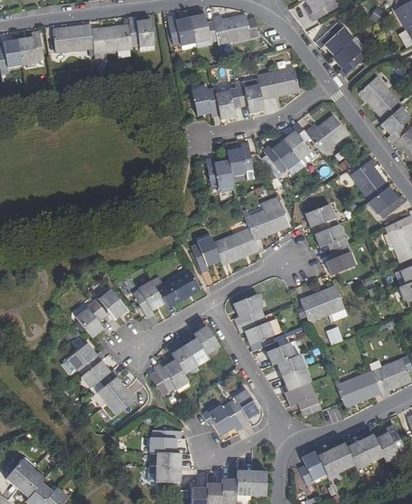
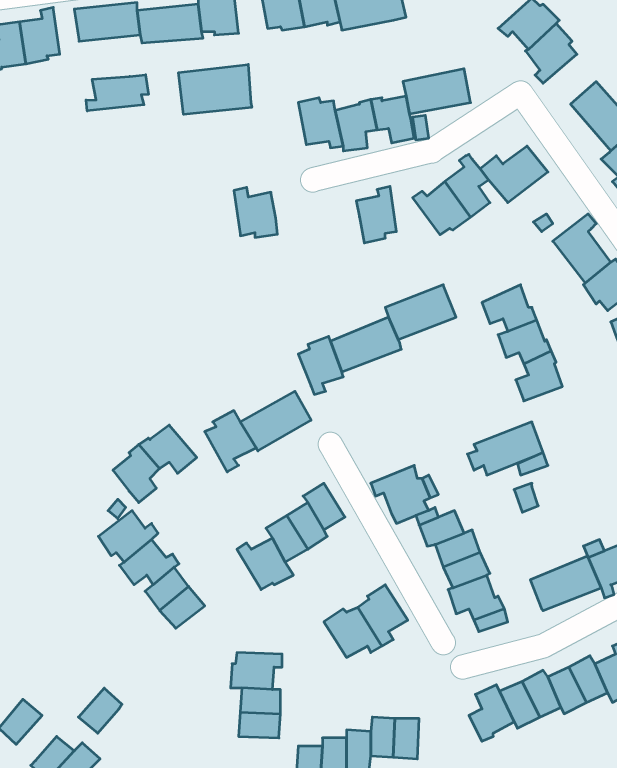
building: none -> [179,64,252,114]
building: none -> [86,75,148,111]
building: [206,157,233,188] -> [234,187,277,237]
building: [232,293,263,325] -> none
building: [16,469,43,497] -> [78,688,122,733]

